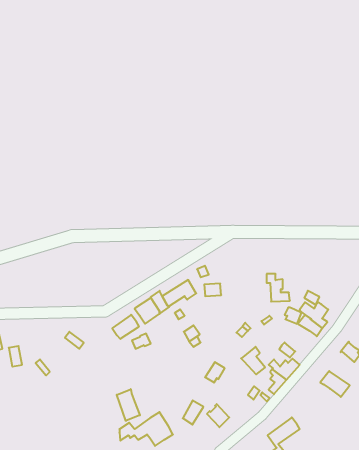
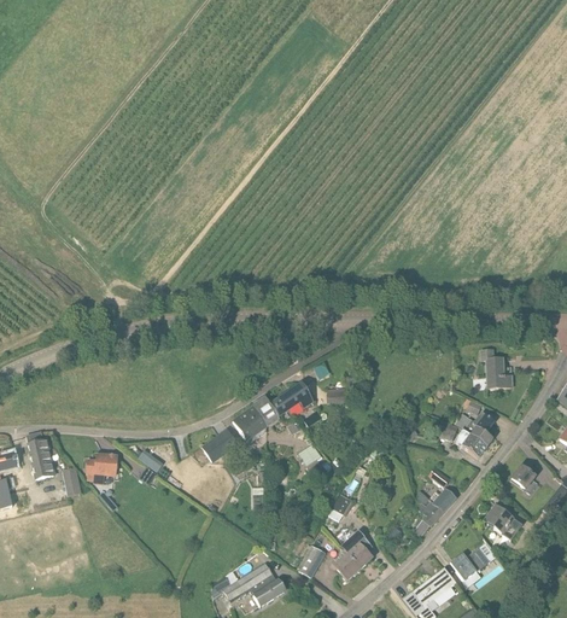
building: [267,274,290,302] -> [481,350,513,387]
building: none -> [87,454,118,484]
building: [241,347,265,374] -> [340,530,373,567]
building: [117,389,140,421] -> none
building: none -> [455,547,490,581]

